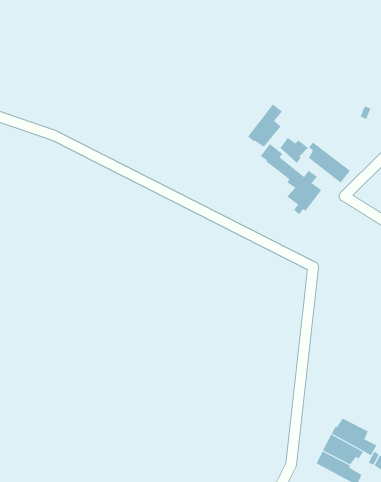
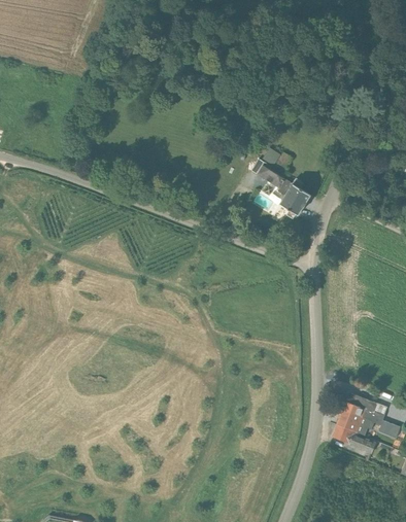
building: [247,103,283,148] -> none
building: [308,141,351,184] -> none

